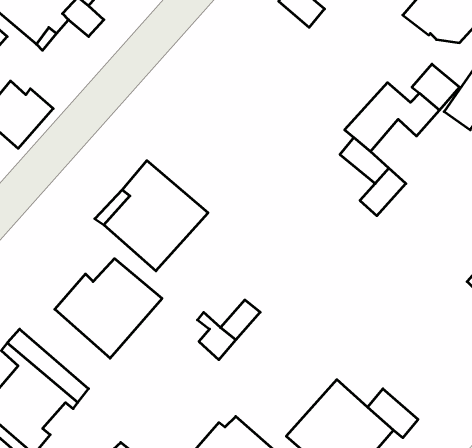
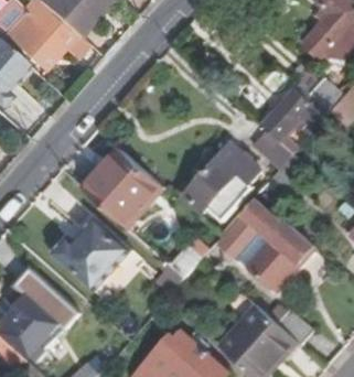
building: none -> [183,143,260,219]
building: none -> [215,194,315,294]

